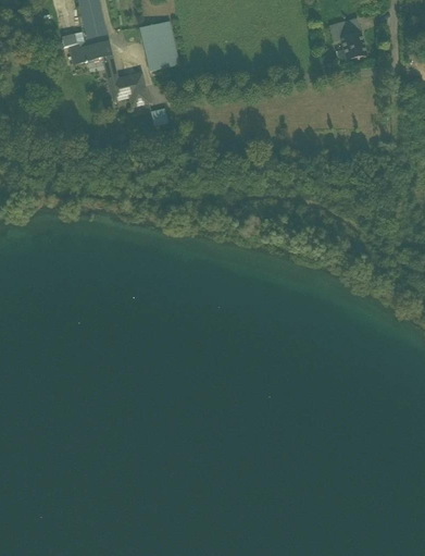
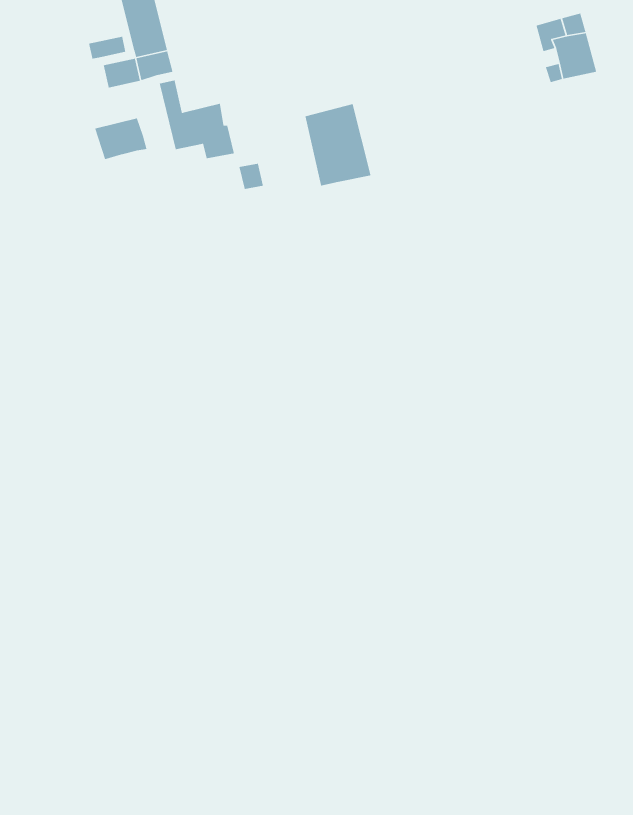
building: [139,21,179,71] -> [304,103,371,187]
building: none -> [94,118,148,160]

